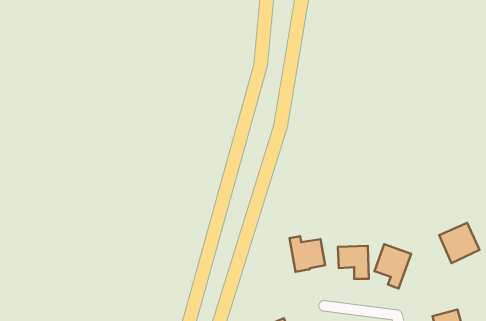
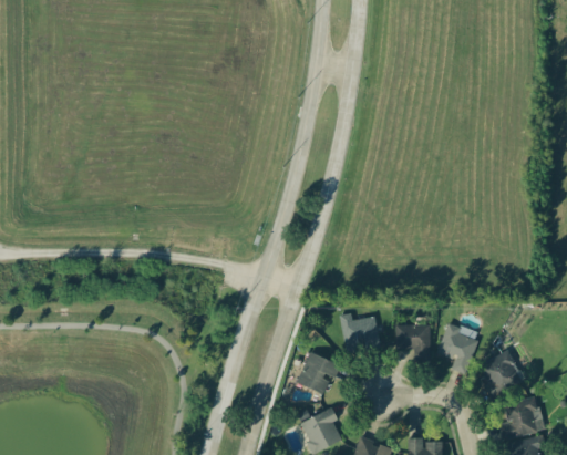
building: [439,223,480,263] -> [477,351,524,397]
building: none -> [297,352,341,394]

